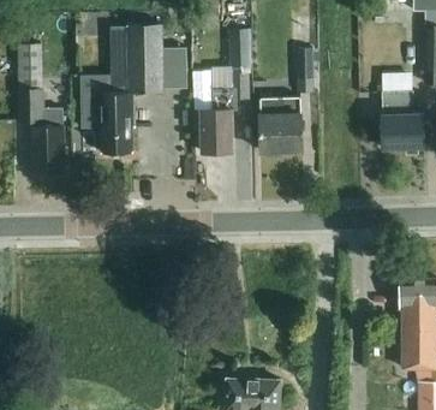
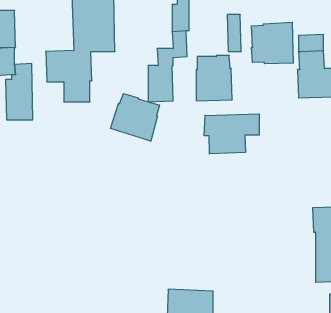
building: [167,54,193,94] -> none
building: none -> [251,22,293,64]
building: none -> [110,94,159,141]
building: none -> [204,114,259,154]

